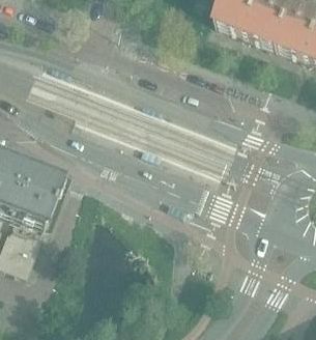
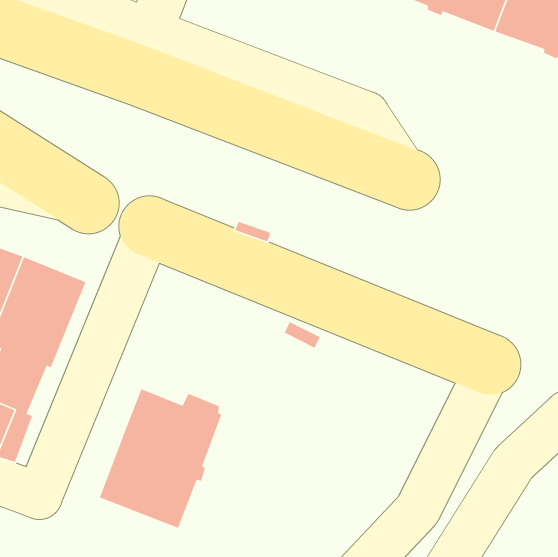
building: none -> [99,388,222,529]

